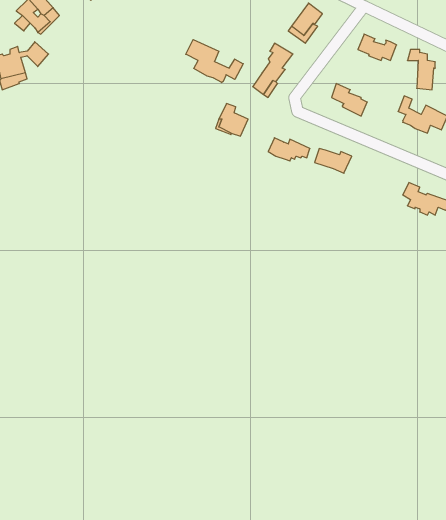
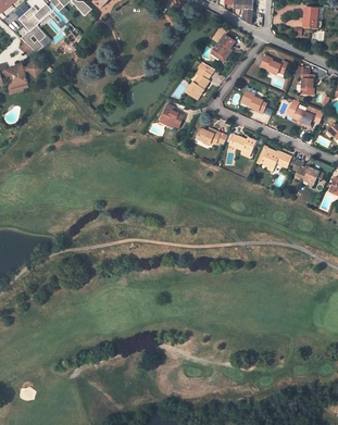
building: [186,40,243,83] -> none
building: none -> [255,145,291,168]

